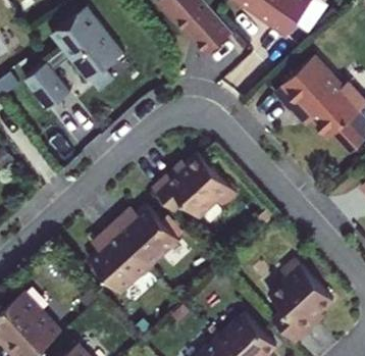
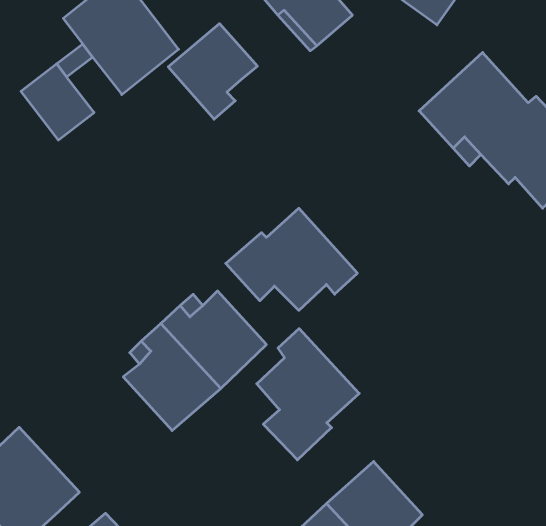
building: none -> [168,24,257,119]
building: [269,259,333,342] -> [257,329,359,460]

